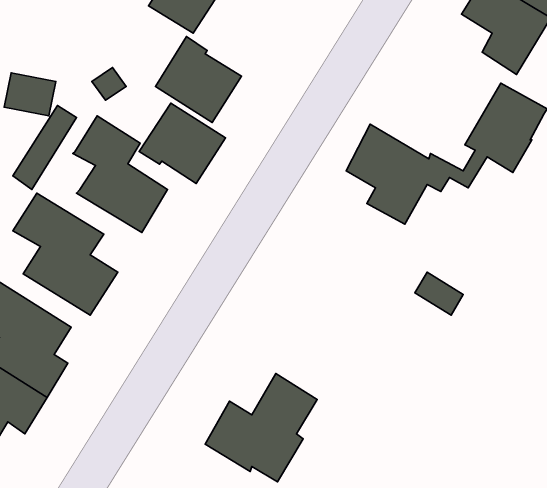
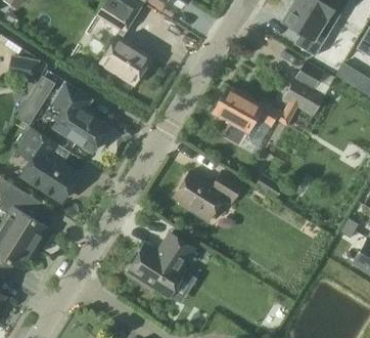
building: [139,103,225,183] -> none
building: none -> [176,171,244,220]

